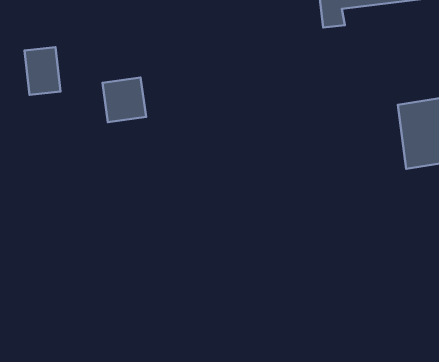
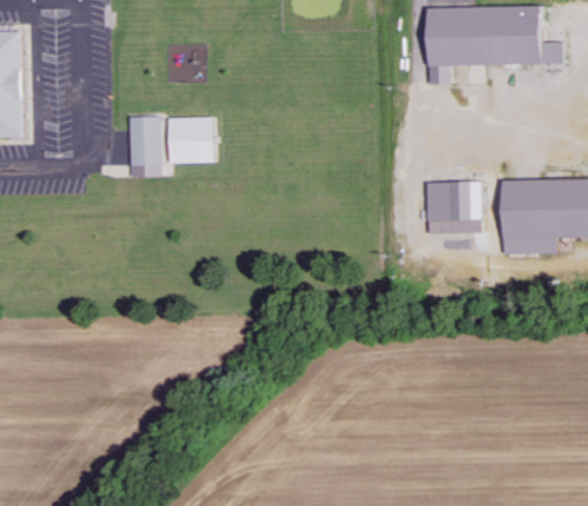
building: [24,47,60,95] -> [132,115,167,166]
building: none -> [429,182,485,221]

